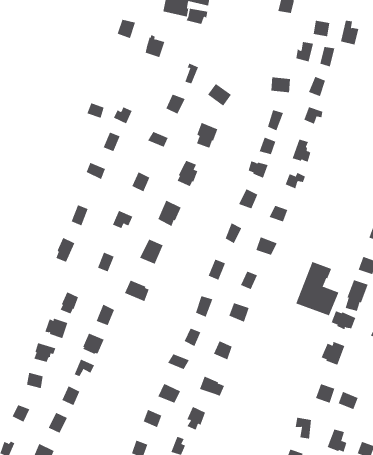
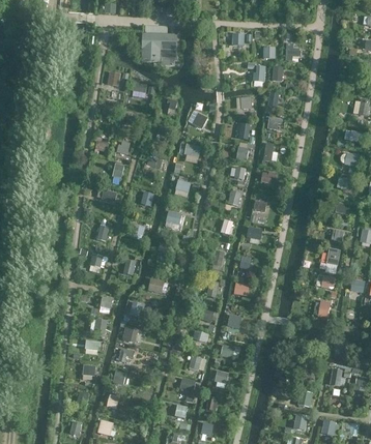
building: [295,261,339,316] -> none

